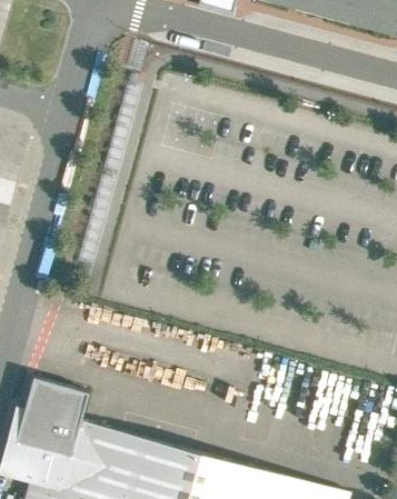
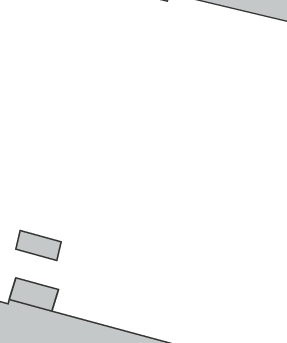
building: none -> [16,230,61,260]

